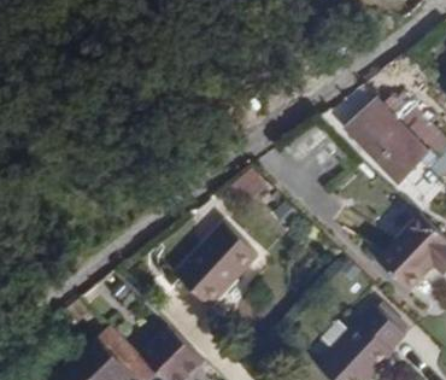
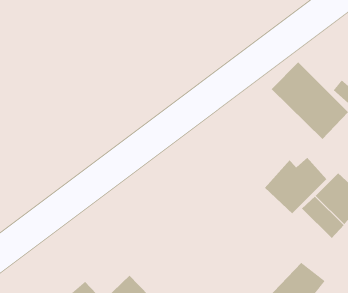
building: none -> [264,157,327,214]
building: [175,236,254,317] -> none

